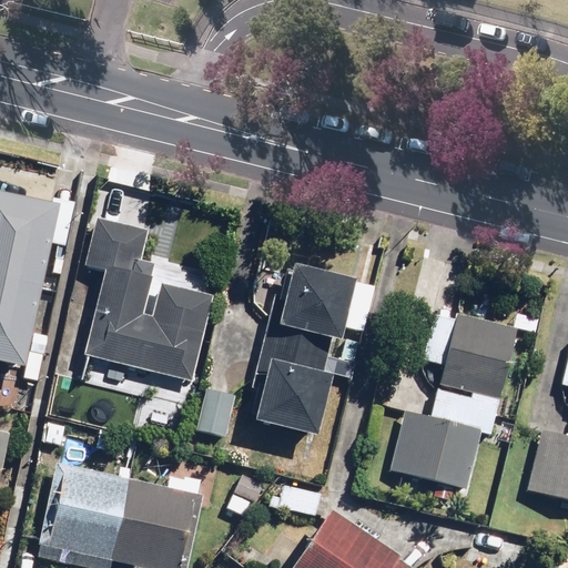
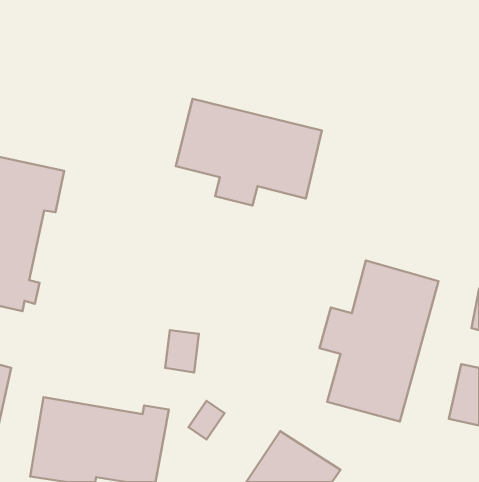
building: none -> [176,99,322,205]
building: [82,217,211,383] -> none
building: [251,262,376,434] -> none

